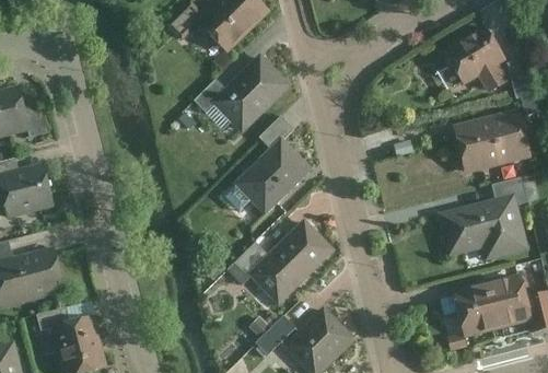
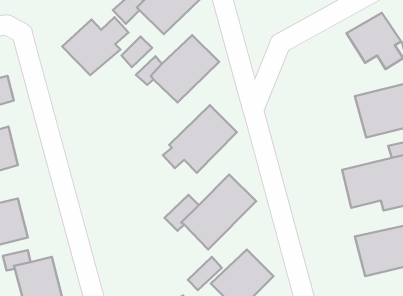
building: none -> [62,17,128,75]
building: none -> [121,36,152,67]

